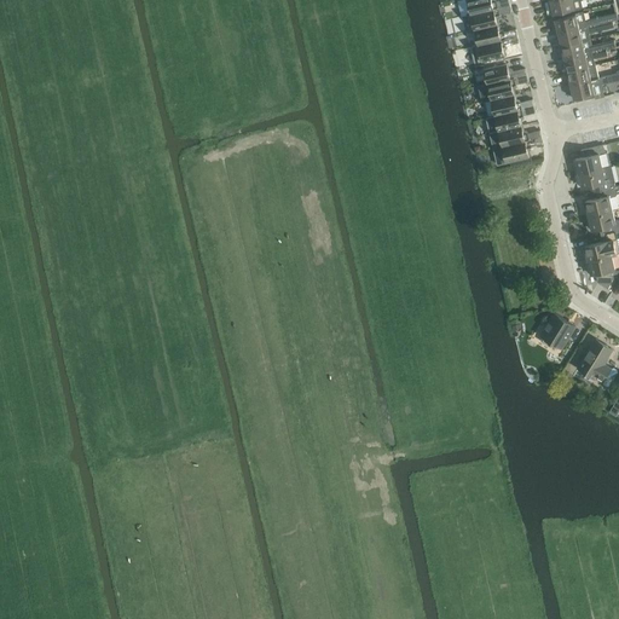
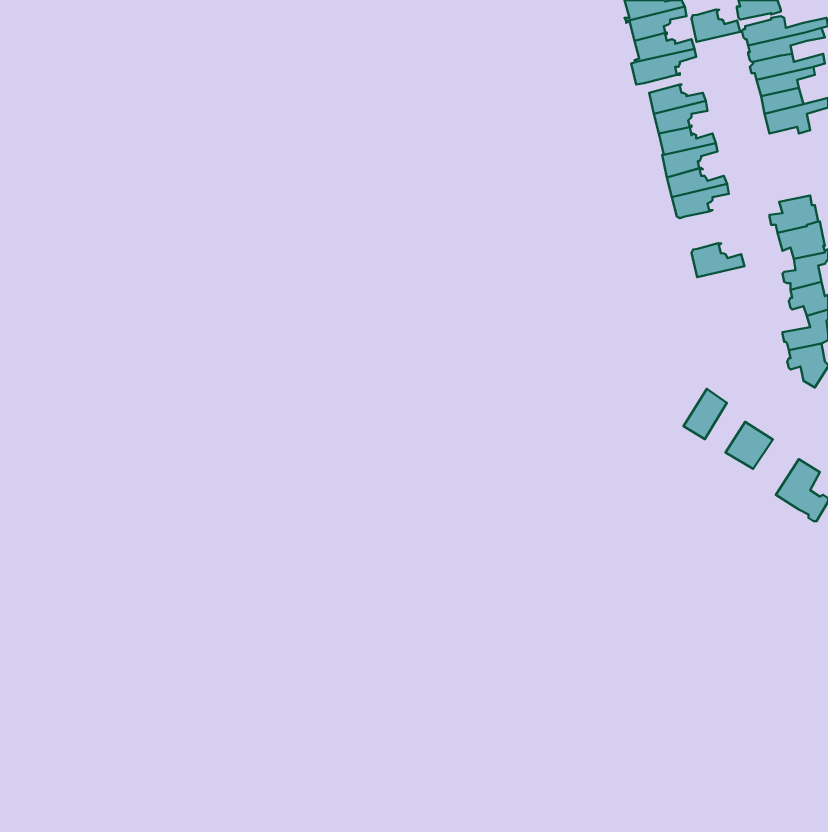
building: none -> [691,10,740,42]
building: none -> [692,243,744,277]
building: none -> [683,389,727,439]

